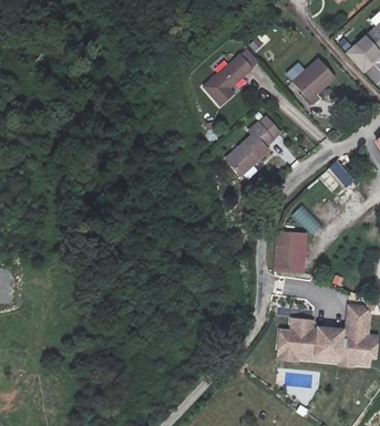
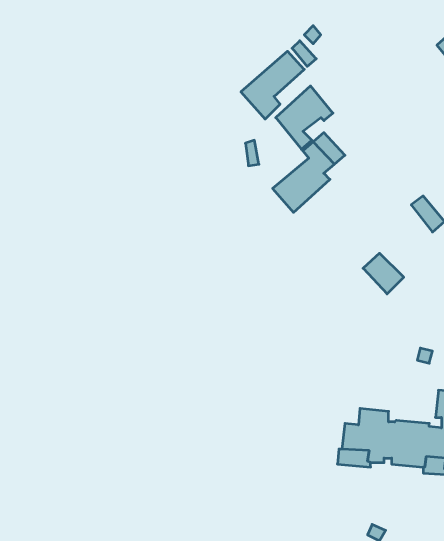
building: [292,60,335,106] -> [276,86,333,149]
building: [277,231,305,272] -> none

